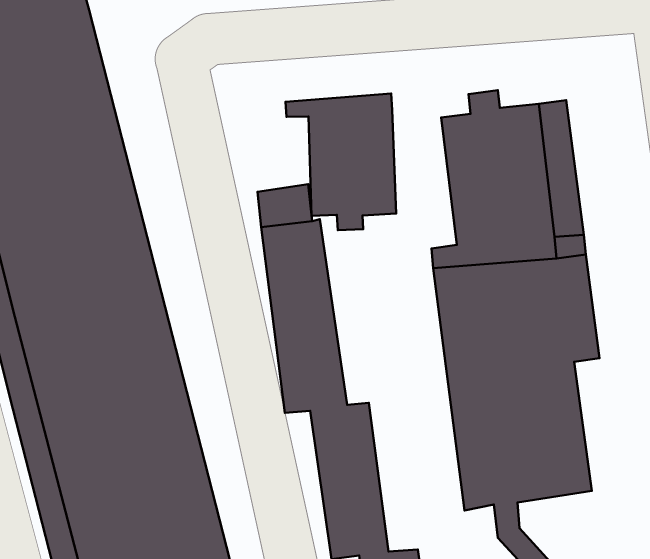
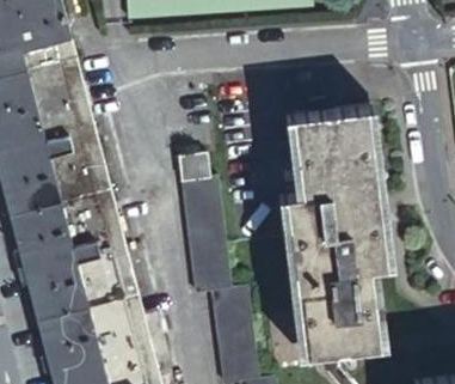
building: [286,93,396,230] -> none

